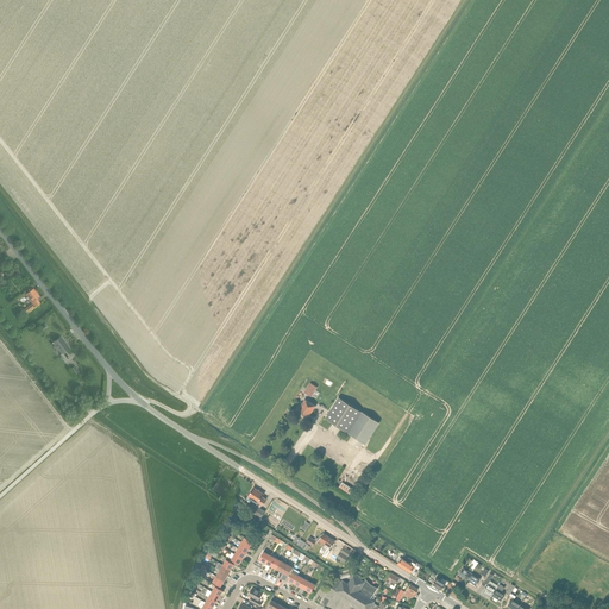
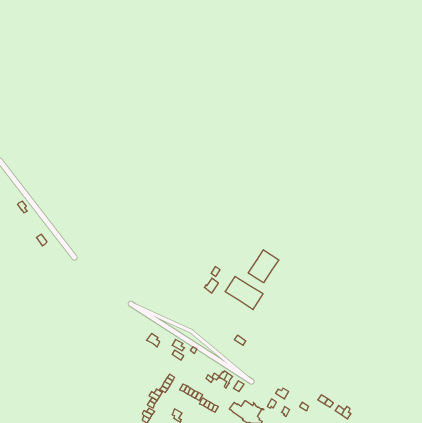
building: none -> [248,250,279,283]

